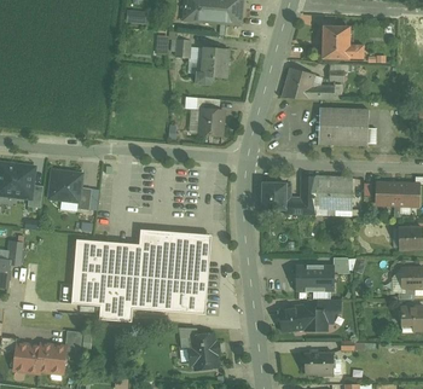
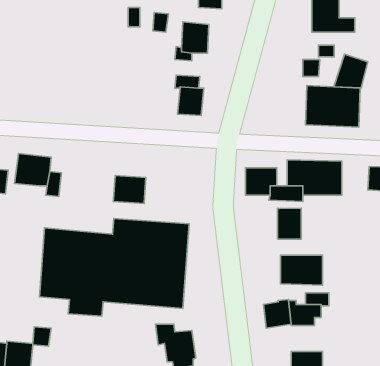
building: [282,66,313,98] -> [334,54,368,88]
building: none -> [113,176,146,204]
building: none -> [277,208,301,239]

